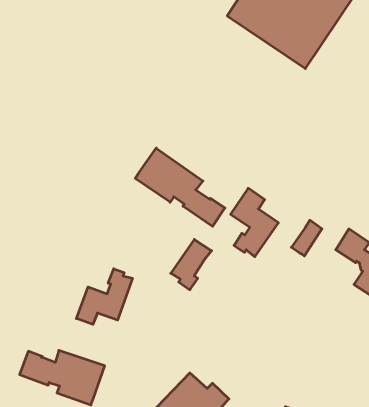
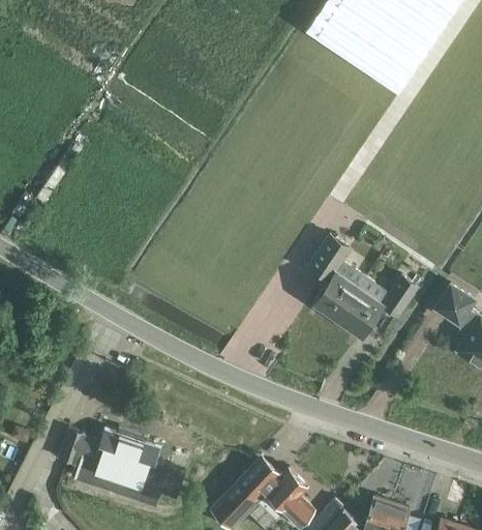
building: [135,148,225,226] -> none
building: [171,239,212,290] -> [338,278,387,338]
building: [76,269,132,324] -> none

